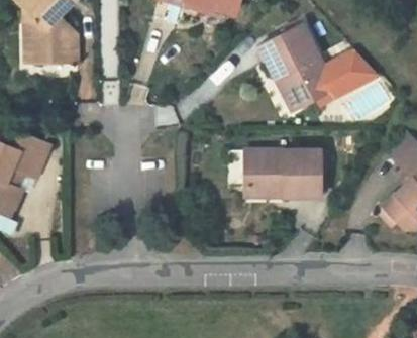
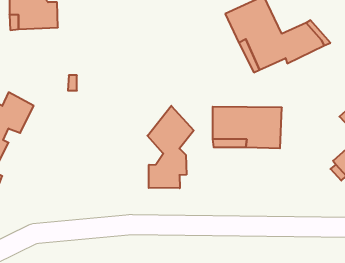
building: none -> [147,106,194,188]

